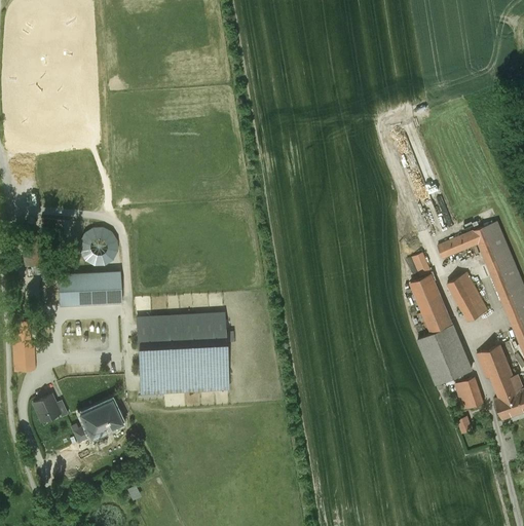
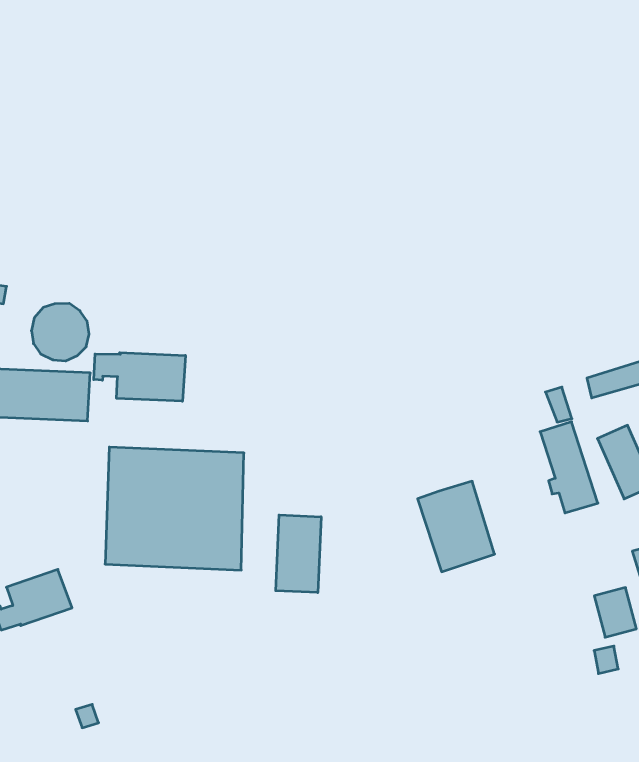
building: none -> [94,353,185,401]
building: [418,325,471,384] -> [418,481,495,572]
building: none -> [276,515,321,593]

